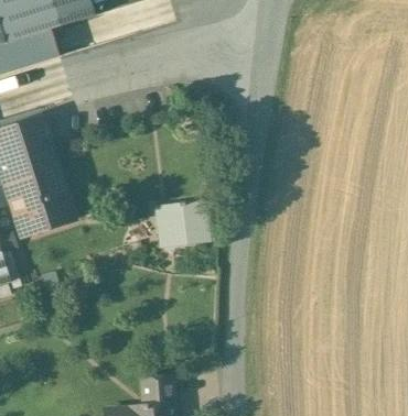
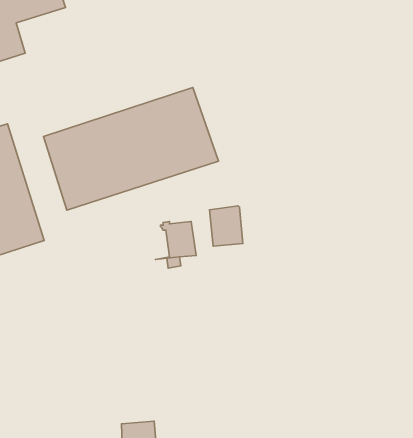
building: none -> [43,87,218,210]
building: none -> [210,206,243,246]

